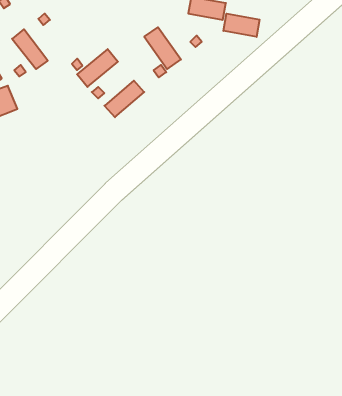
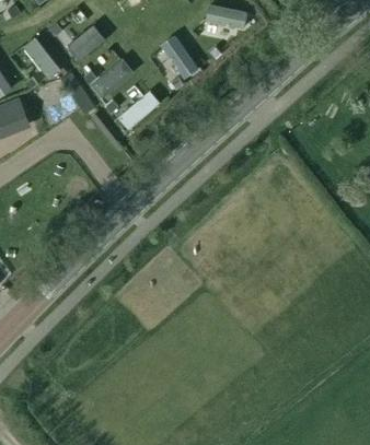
building: [223,14,260,37] -> none
building: none -> [67,27,103,61]

